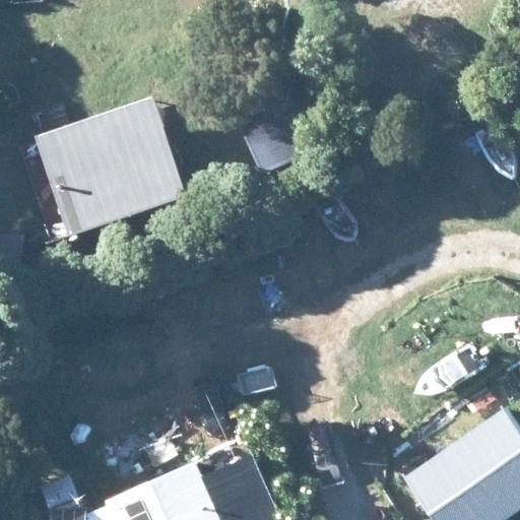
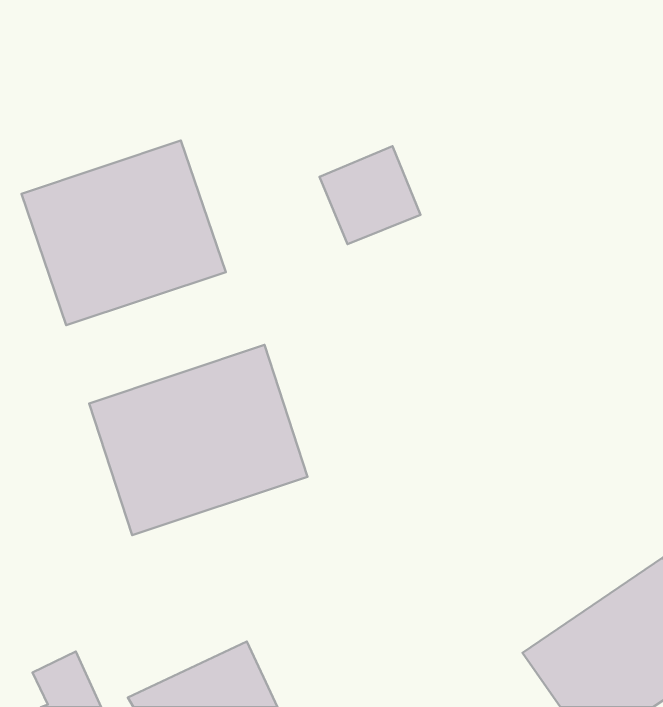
building: none -> [89,345,308,535]

